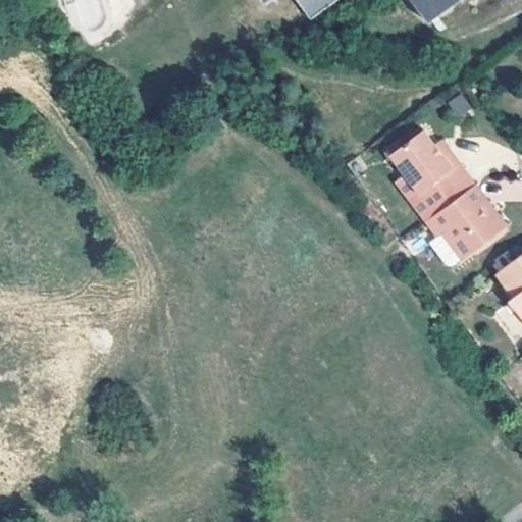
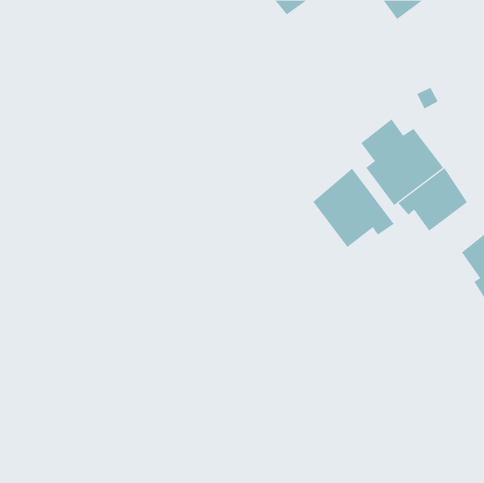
building: none -> [312,168,395,248]

